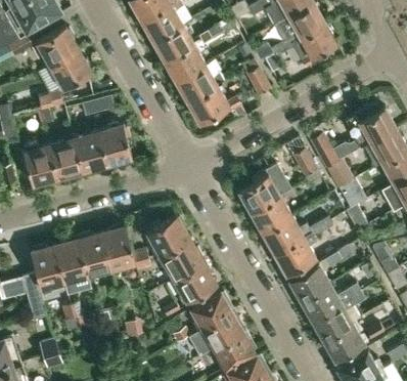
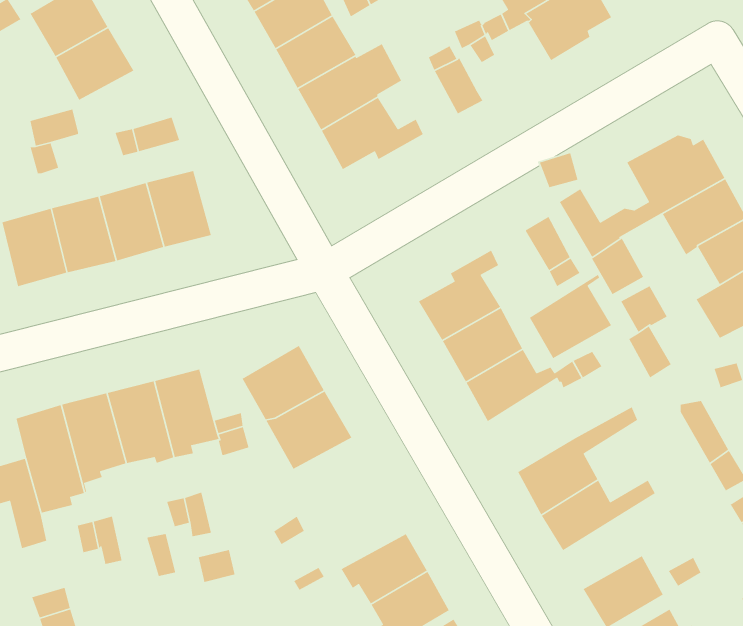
building: [273,231,316,276] -> [529,274,612,359]
building: [173,262,216,302] -> none
building: [312,291,365,340] -> none
building: [190,292,231,330] -> none

